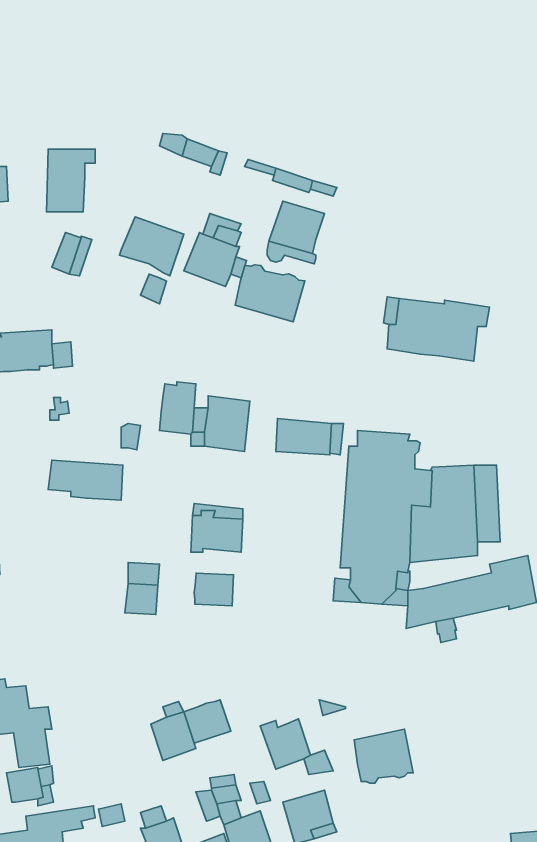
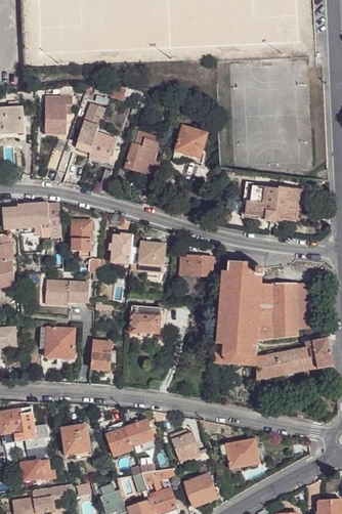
building: none -> [74,106,104,156]
building: [235,265,305,322] -> none
building: none -> [71,220,91,257]
building: none -> [45,327,74,359]
building: [194,573,234,606] -> none
building: none -> [61,427,90,455]

